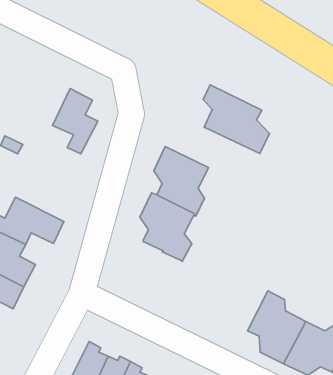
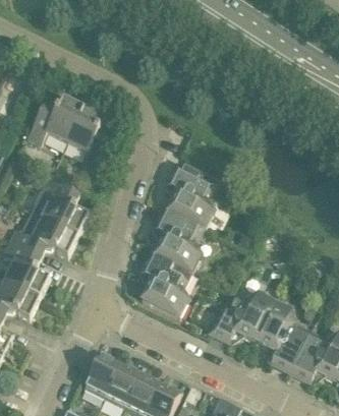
building: none -> [27,97,84,144]
building: [203,85,269,153] -> none
building: none -> [32,178,90,235]
building: none -> [138,251,191,317]
building: none -> [209,294,275,344]

